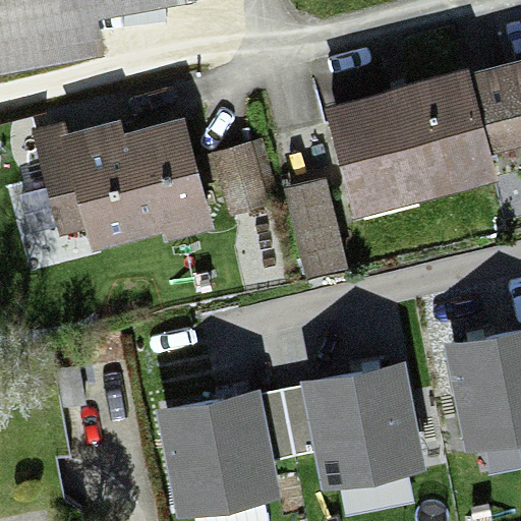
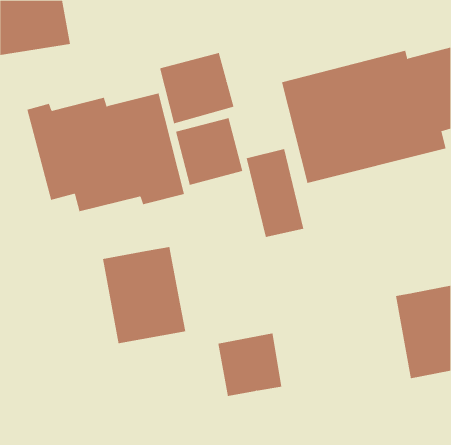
building: none -> [160,52,234,124]
building: [312,369,415,481] -> none
building: [171,398,268,510] -> [102,247,186,344]

